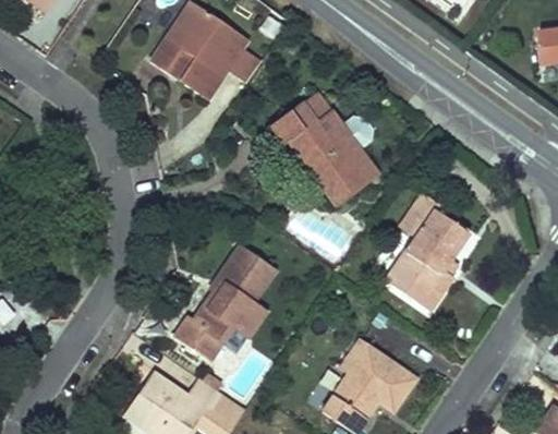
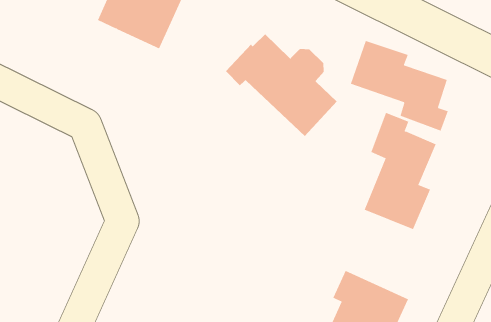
building: none -> [350,40,449,132]
building: [174,248,277,360] -> none

